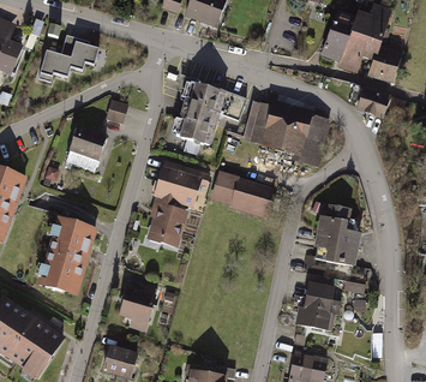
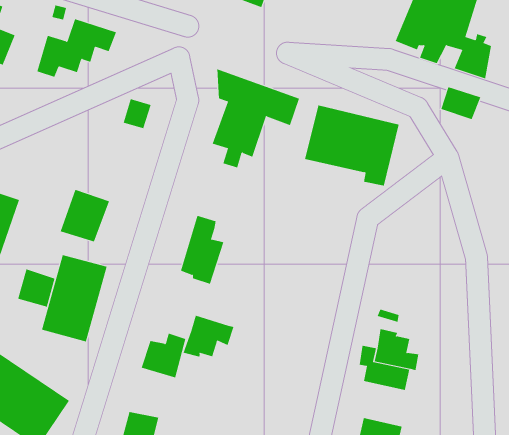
building: [66,127,106,169] -> [60,189,110,242]
building: [157,161,209,207] -> none
building: [215,174,275,216] -> none
building: [316,207,361,264] -> none
building: none -> [18,268,55,308]
building: none -> [183,315,234,357]

